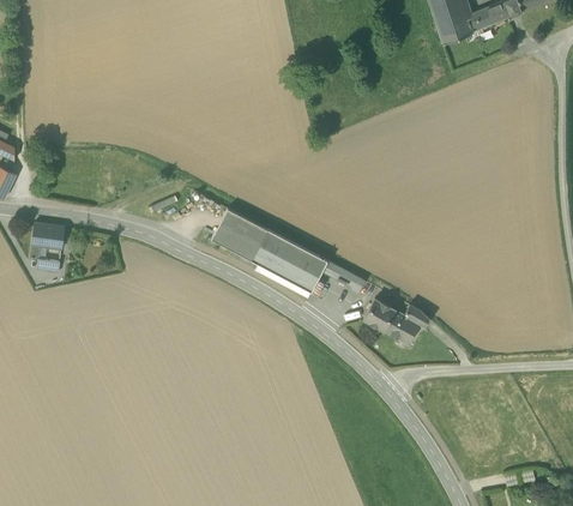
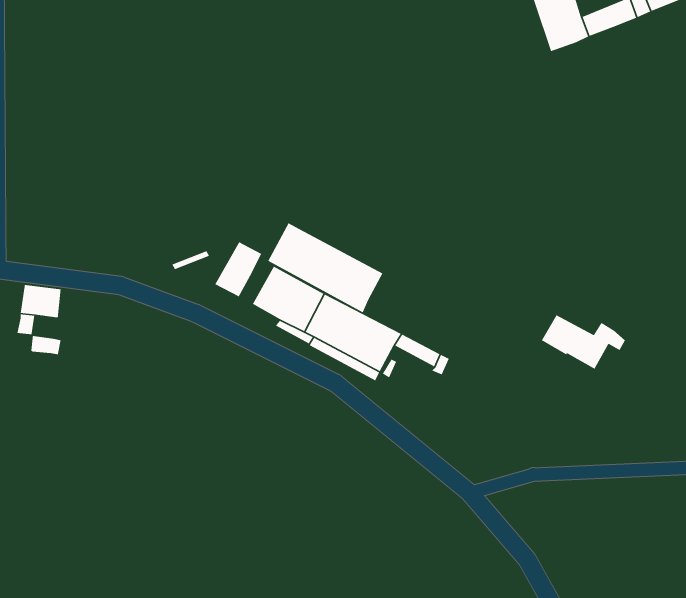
building: none -> [267,222,383,314]
building: none -> [214,241,262,297]
building: [364,299,430,342] -> [541,314,626,370]

